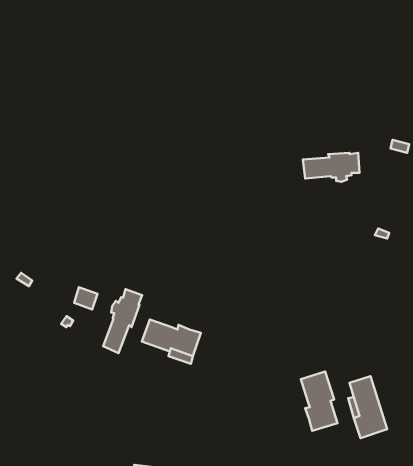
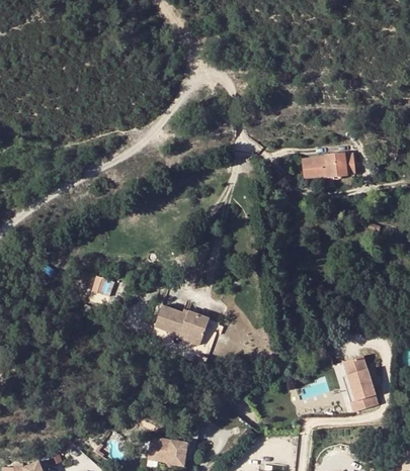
building: [103,289,142,353] -> none
building: [301,372,337,431] -> none

